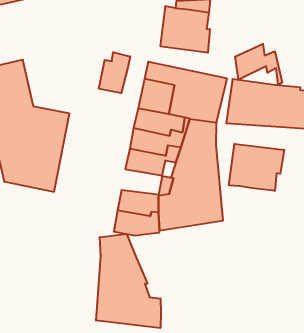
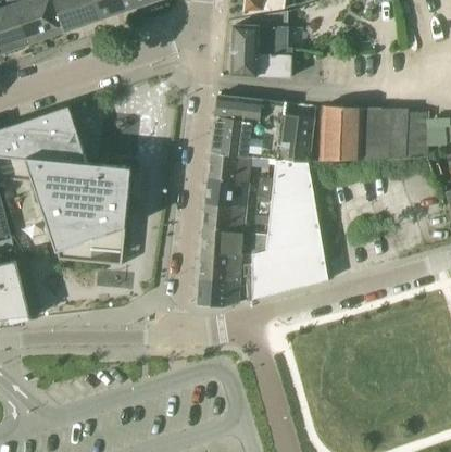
building: [235,44,282,85] -> none
building: [99,52,130,93] -> none
building: [229,144,284,191] -> none
building: none -> [201,212,264,254]
building: [96,234,161,328] -> none

